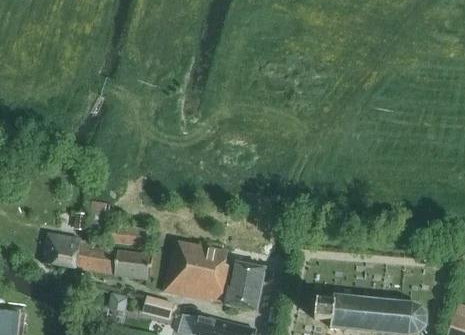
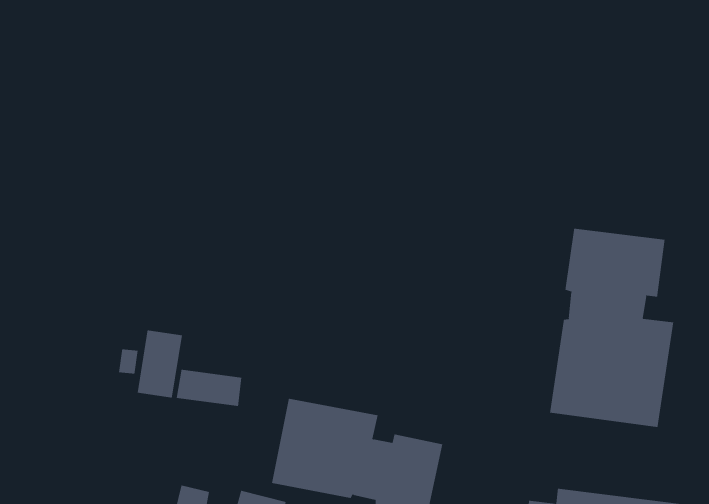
building: none -> [550,228,674,428]
building: [42,232,152,279] -> none

